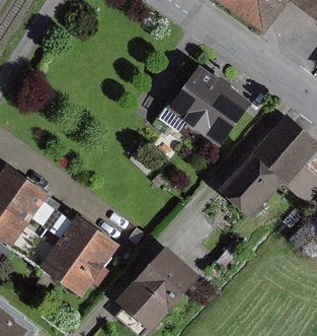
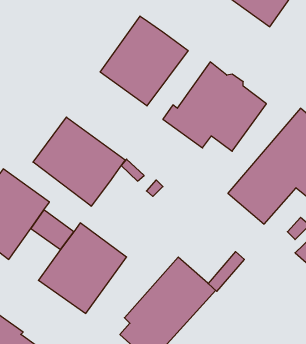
building: none -> [100,16,188,106]
building: none -> [33,117,125,206]

